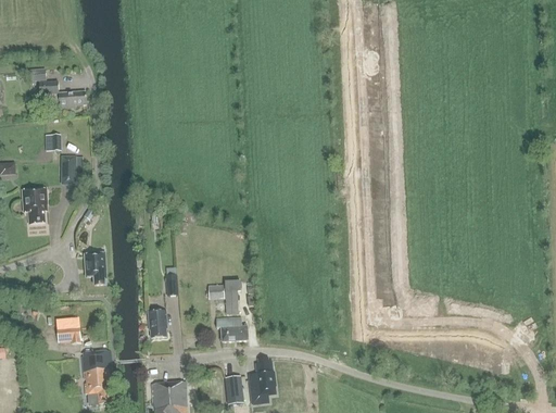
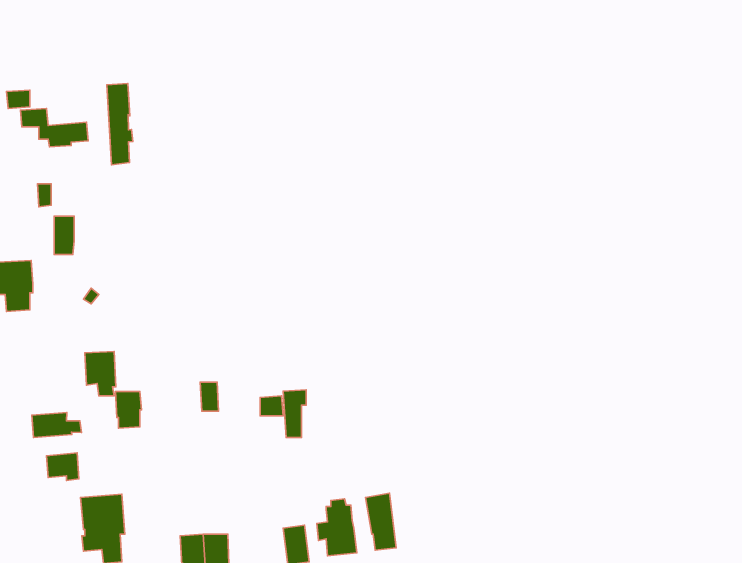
building: none -> [107,84,133,165]
building: none -> [32,413,81,437]
building: [149,310,167,336] -> [115,391,141,428]
building: [215,315,247,339] -> none
building: none -> [365,493,396,550]

